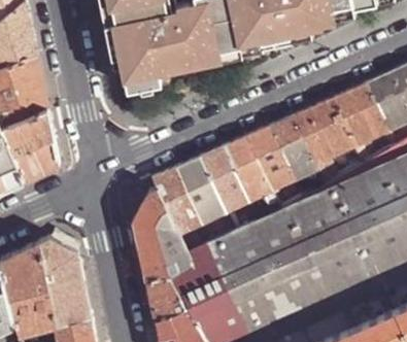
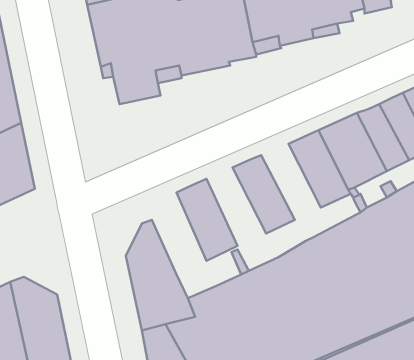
building: [246,127,296,190] -> none
building: [201,146,250,211] -> none
building: [151,167,201,235] -> none

